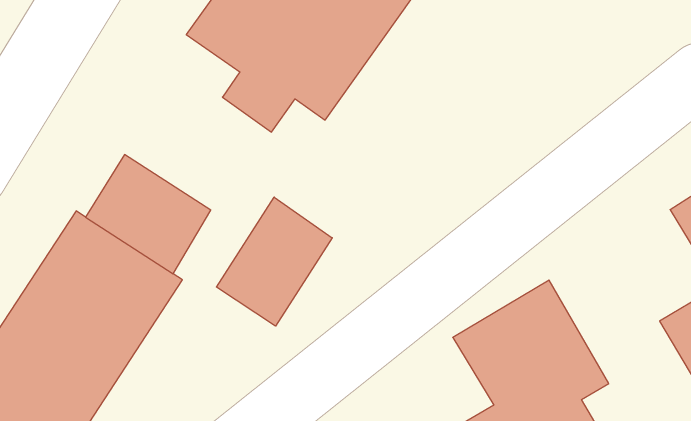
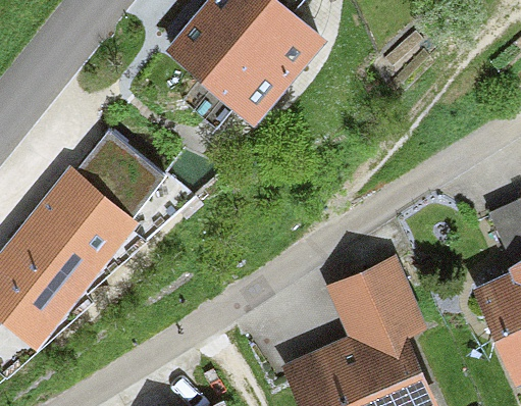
building: [216,197,332,326] -> none

